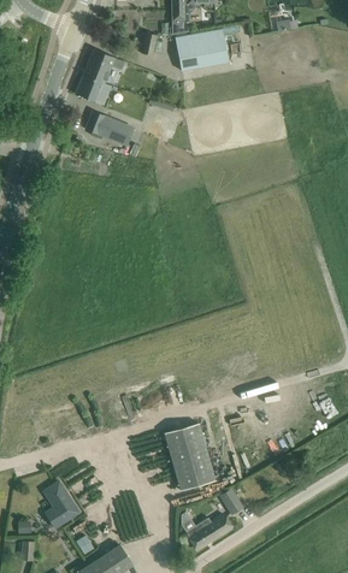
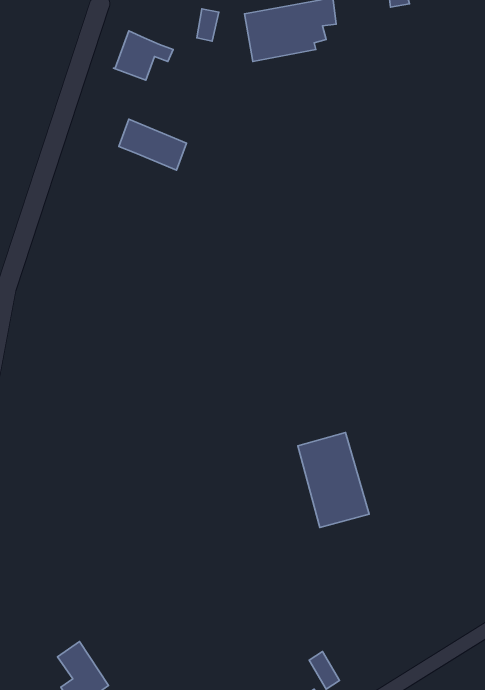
building: [75,75,111,105] -> none
building: [165,423,216,490] -> [298,432,369,528]

